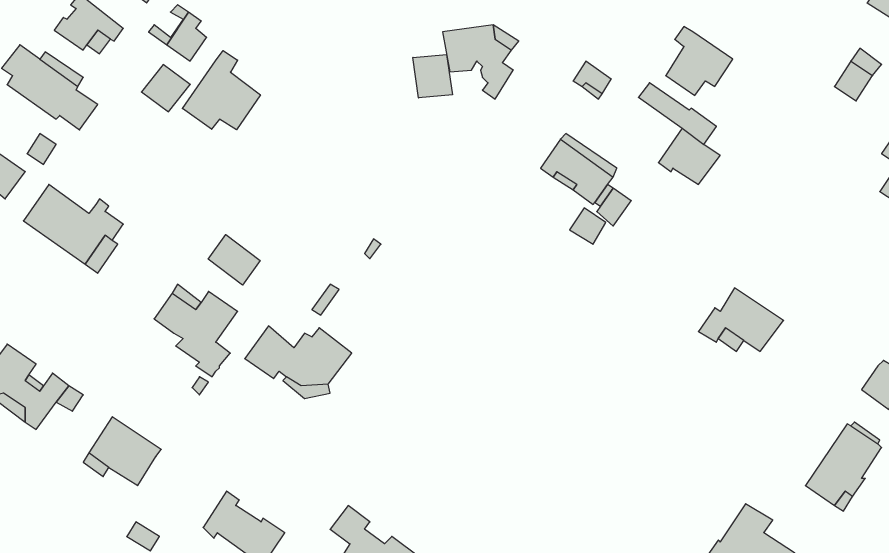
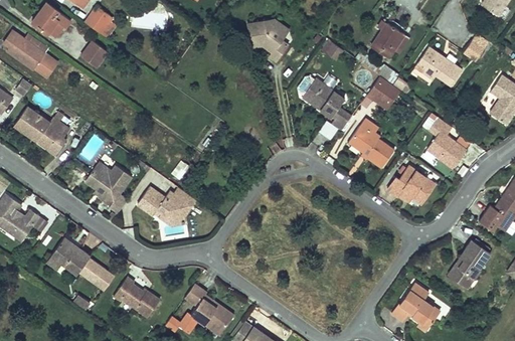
building: [182,51,260,130] -> none
building: [413,54,452,98] -> none
building: none -> [410,46,462,86]
building: none -> [420,113,470,169]
building: none -> [347,118,392,168]
building: [208,235,260,285] -> none
building: none -> [77,258,114,291]

